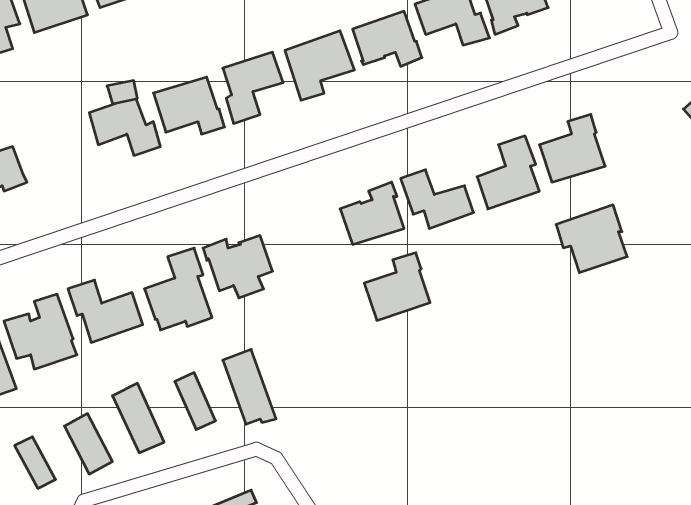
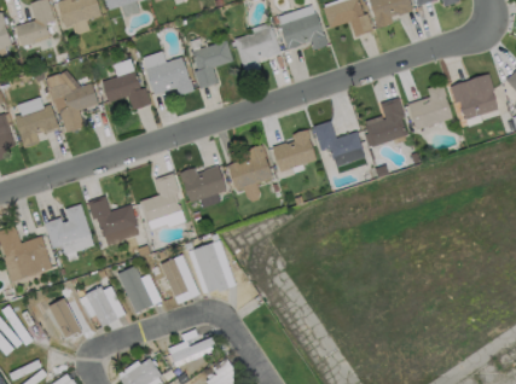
building: none -> [46,74,97,133]
building: [556,205,627,273] -> [450,72,498,118]
building: [364,253,430,320] -> [227,144,272,190]

